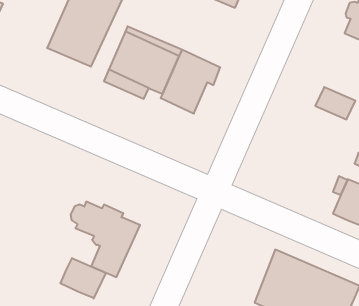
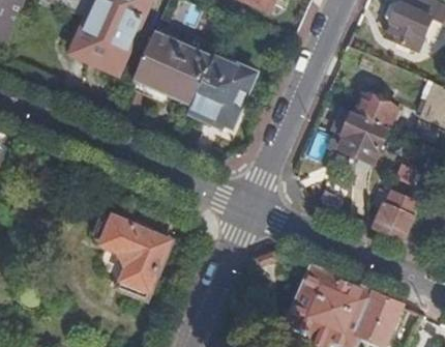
building: none -> [329,110,387,165]
building: [60,258,106,299] -> none

